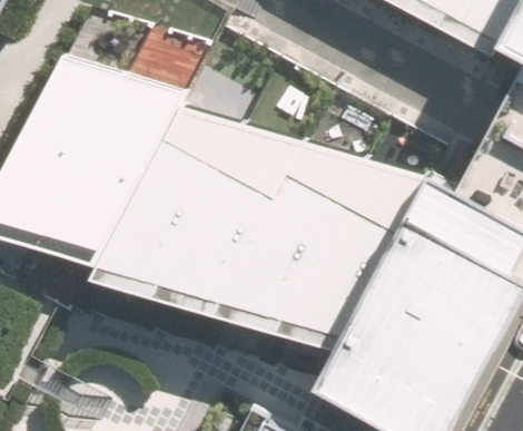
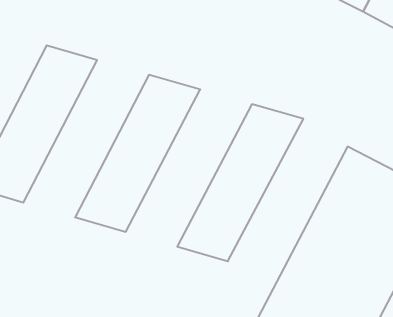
building: [31,79,182,270] -> none
building: [155,115,307,305] -> none
building: [278,150,431,341] -> none

